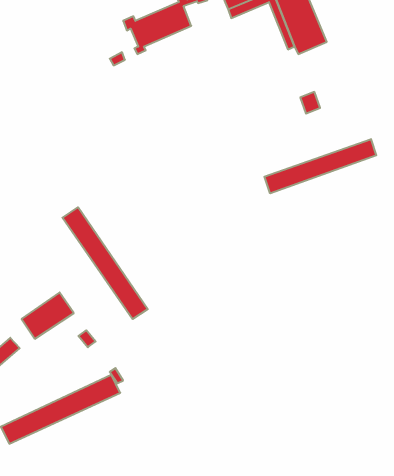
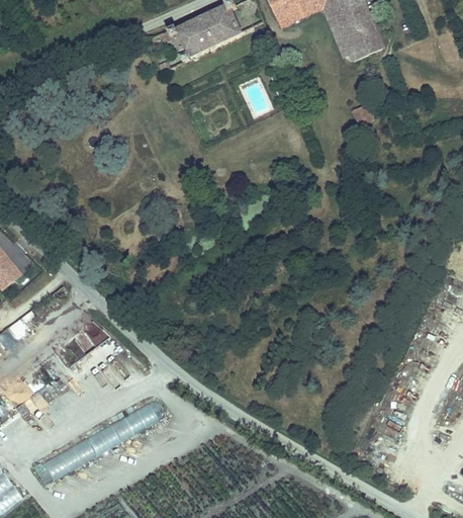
building: [264,139,376,193] -> none
building: [62,207,148,319] -> none

